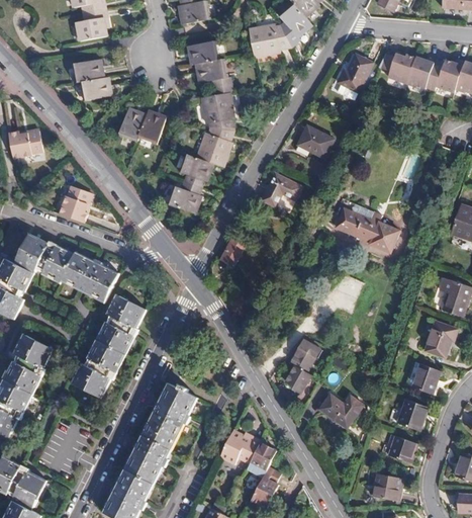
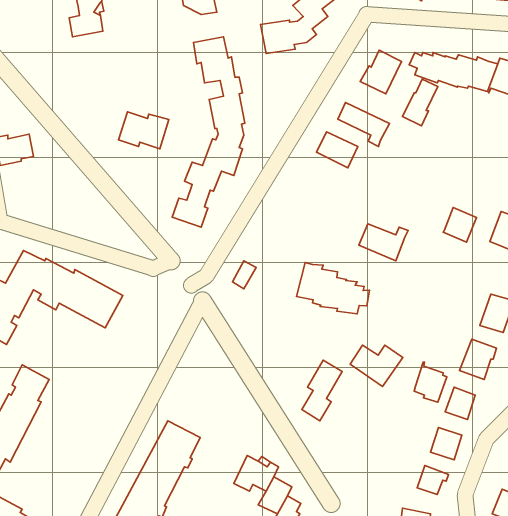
building: [72,60,109,101] -> none
building: none -> [402,79,438,126]
building: none -> [338,103,389,146]
building: [263,176,302,208] -> none
building: [56,182,88,220] -> none
building: [368,223,398,254] -> [443,207,477,242]
building: none -> [297,263,370,314]
building: [72,297,150,401] -> none
building: none -> [414,362,447,402]
building: [317,388,365,426] -> [350,345,403,387]

